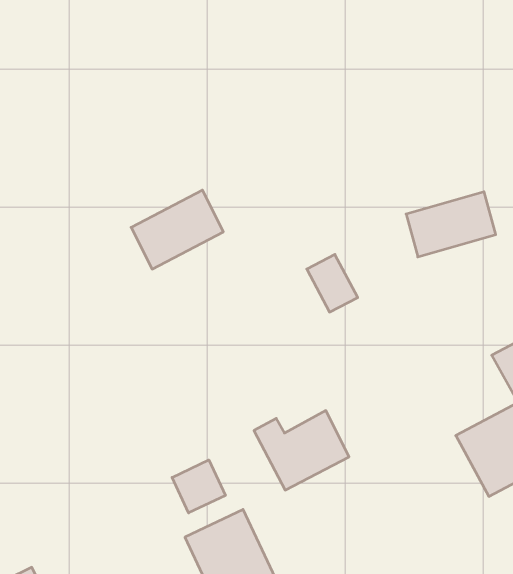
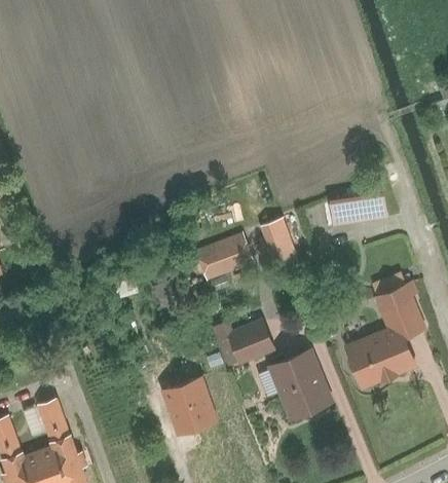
building: [131,190,223,269] -> [196,232,256,280]
building: none -> [265,348,333,421]
building: [172,460,225,513] -> none

